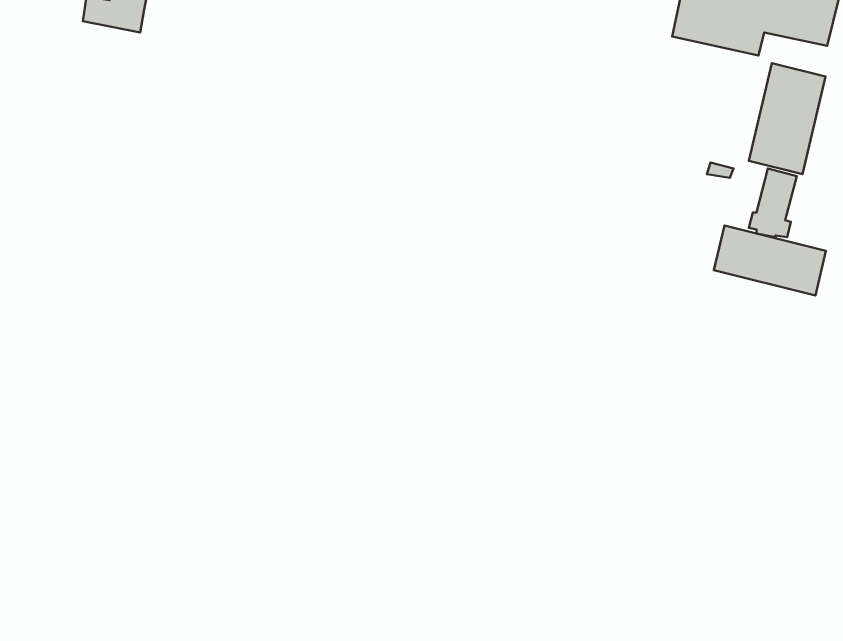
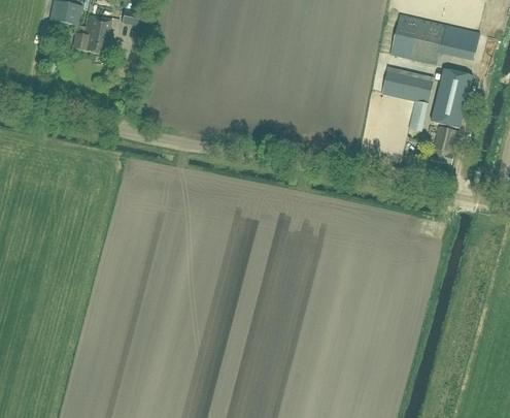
building: none -> [381,65,433,102]
building: [714,225,826,296] -> none

